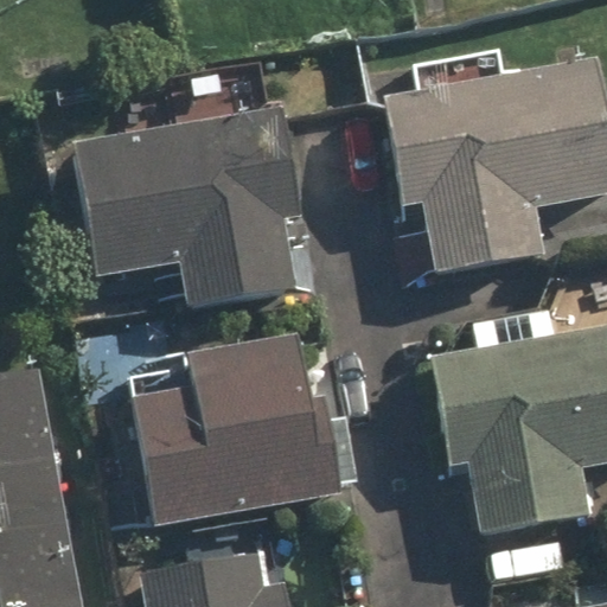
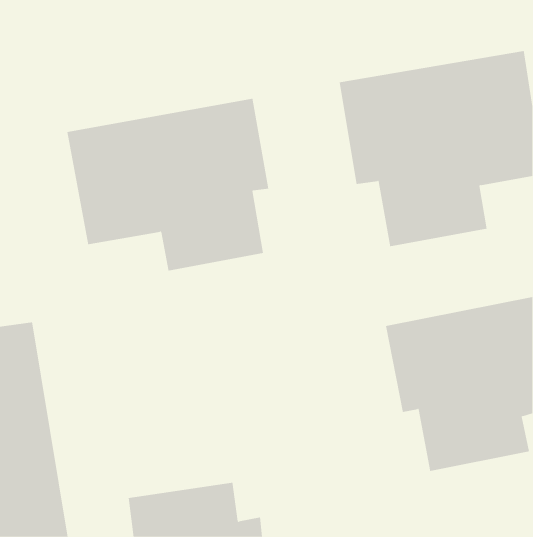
building: [130,333,346,528] -> none

